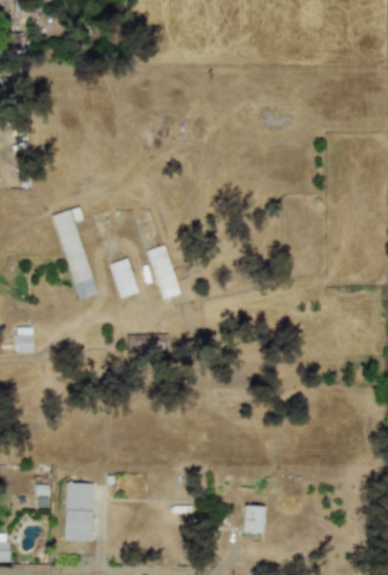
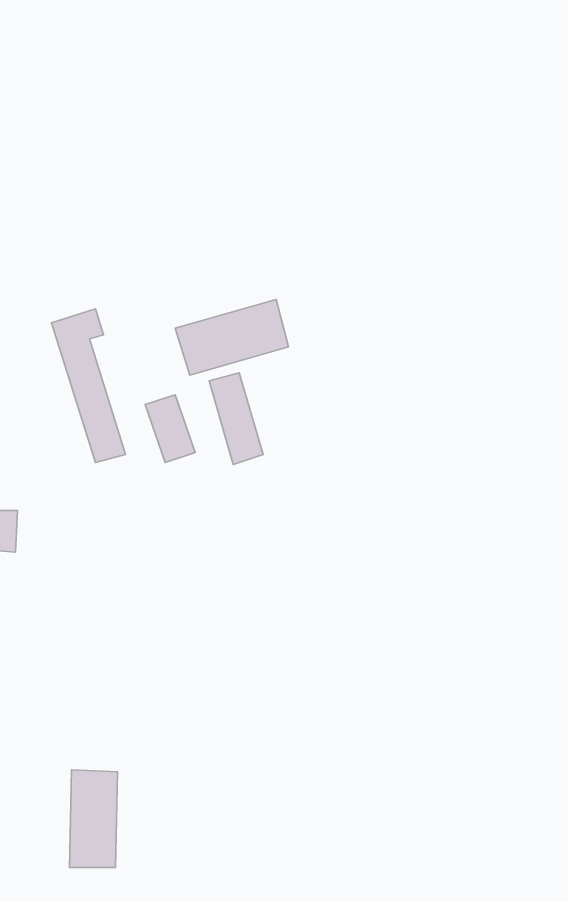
building: none -> [175,299,289,375]
building: [242,505,265,533] -> none

